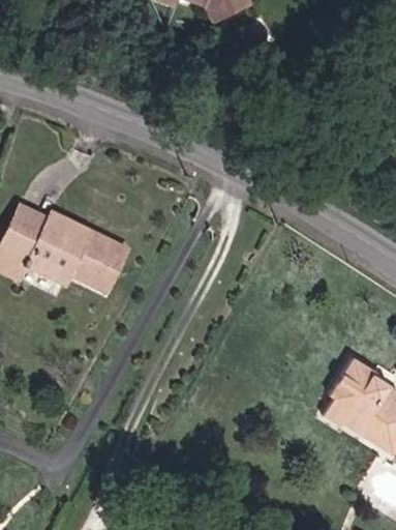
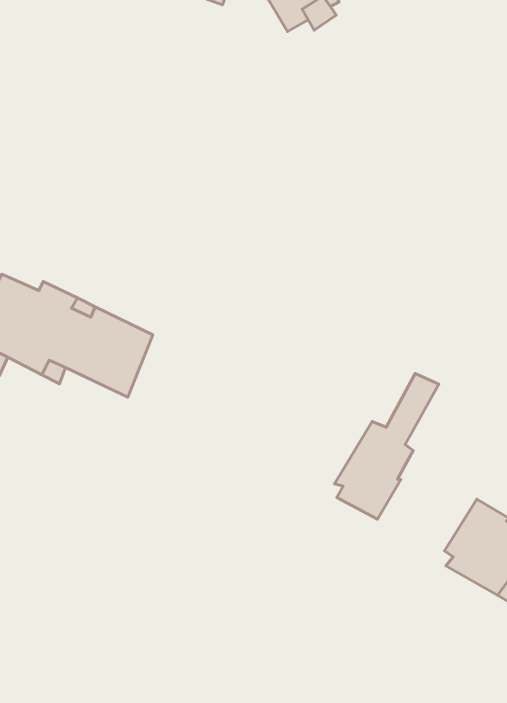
building: none -> [335,373,439,519]

